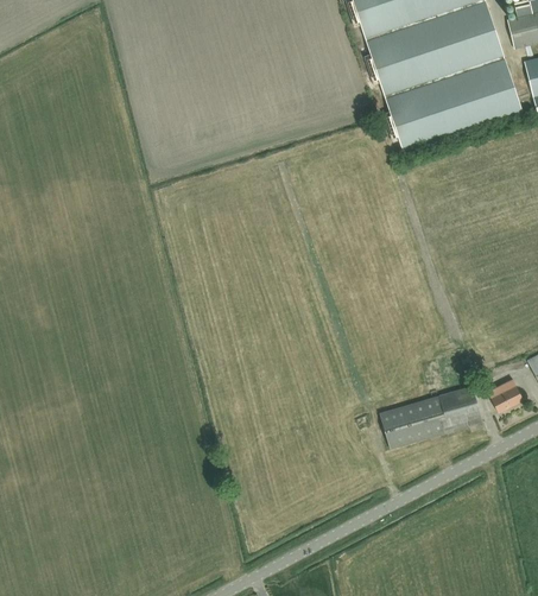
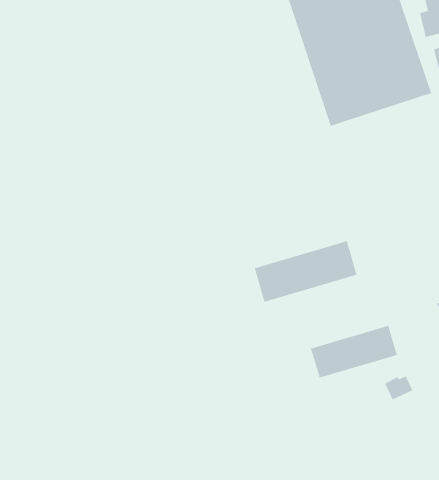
building: none -> [254,240,358,303]
building: [488,381,523,411] -> [384,375,413,401]

